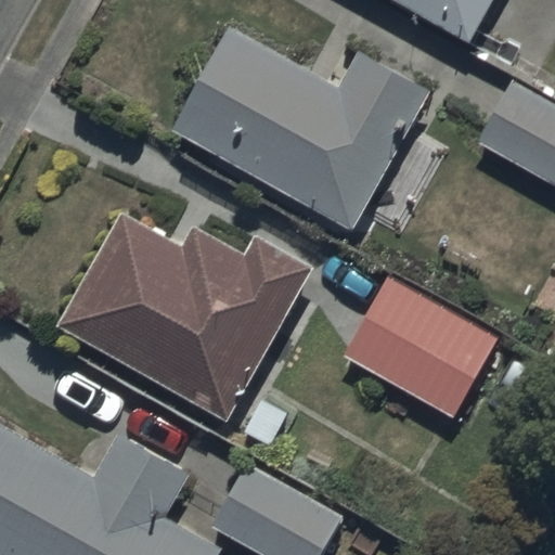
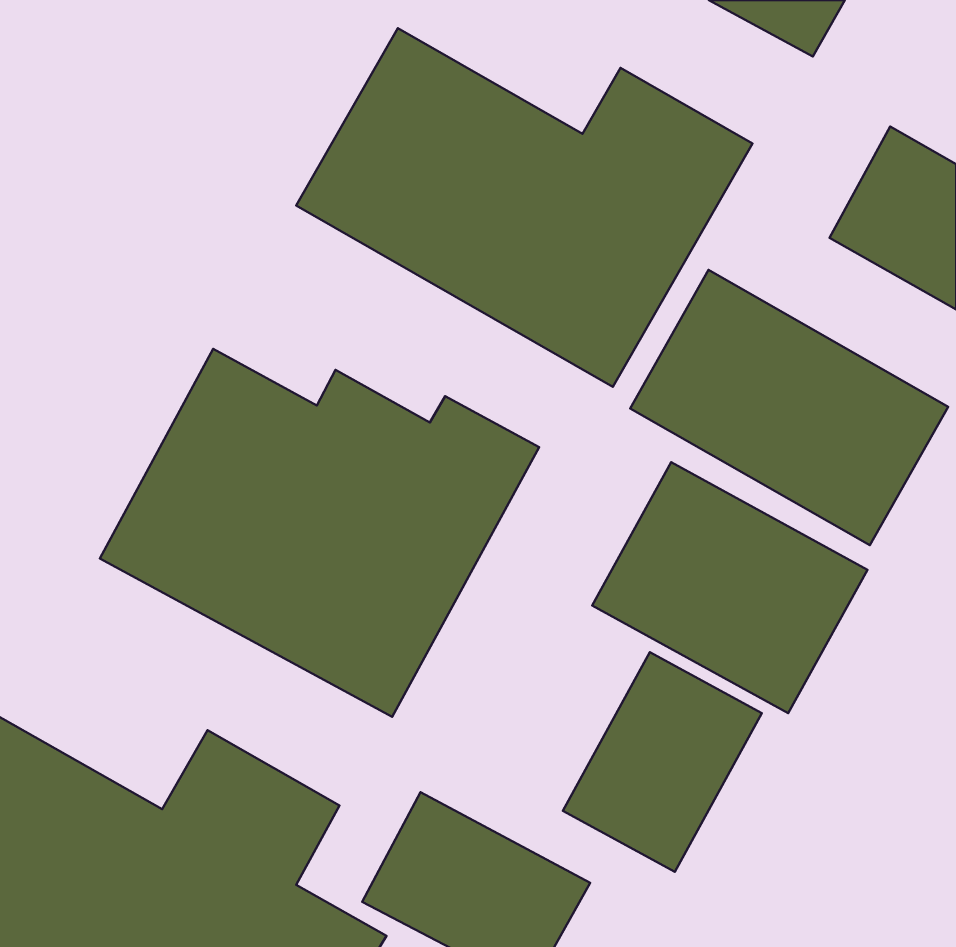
building: none -> [630,270,948,545]
building: none -> [563,652,762,872]

